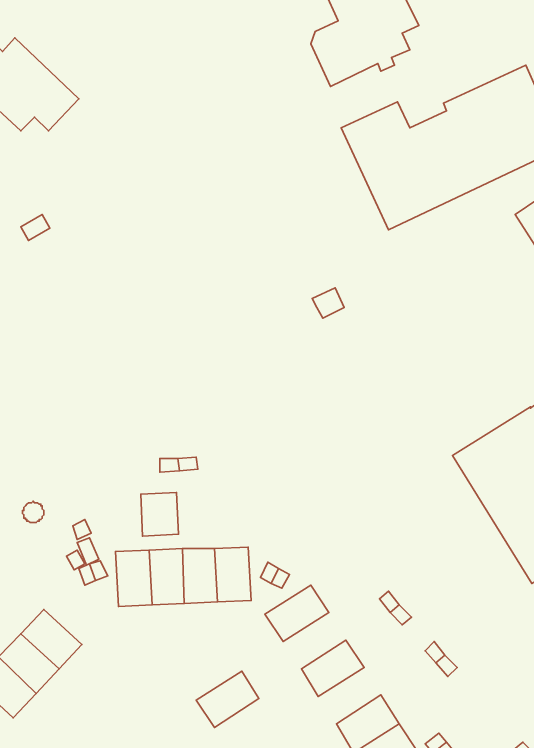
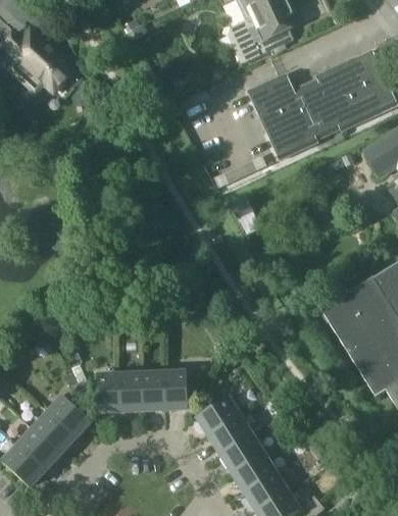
building: [141,492,178,536] -> none
building: none -> [50,397,91,436]
building: none -> [234,452,276,489]
building: [196,671,259,728] -> [210,415,252,453]

